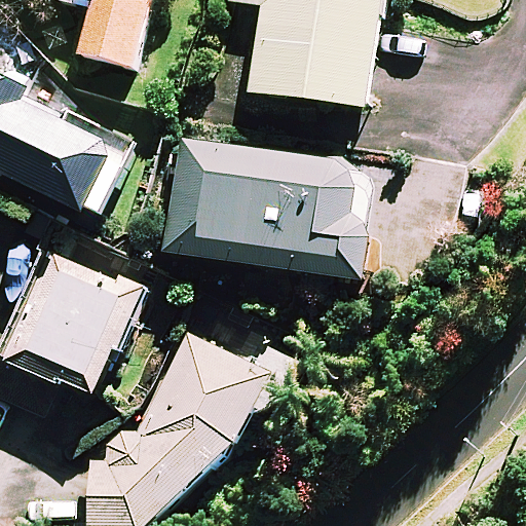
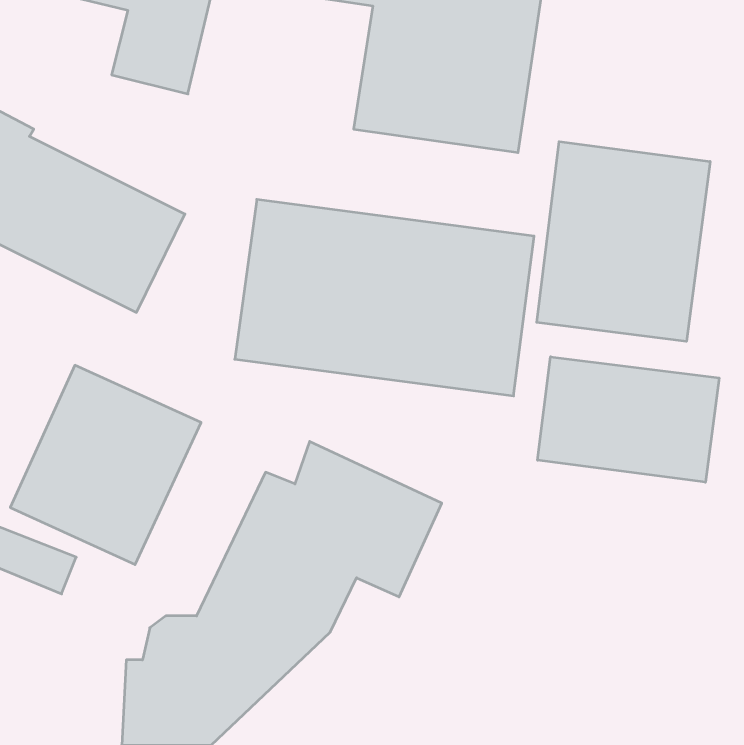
building: none -> [537,142,710,341]
building: none -> [538,357,719,482]

